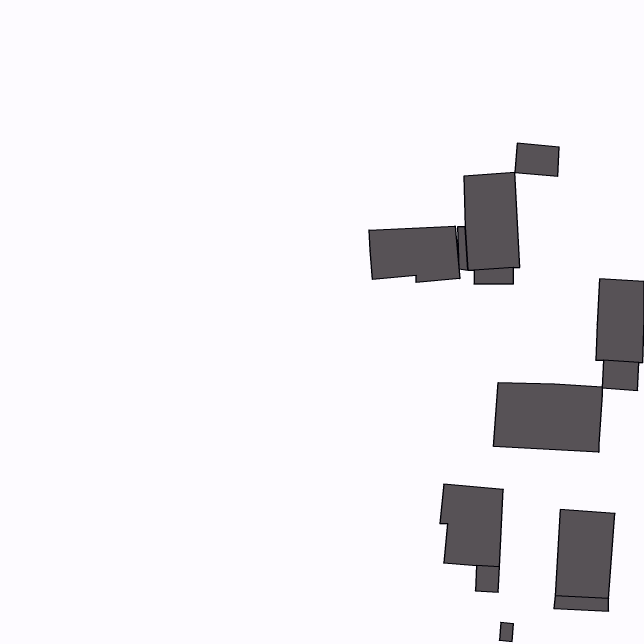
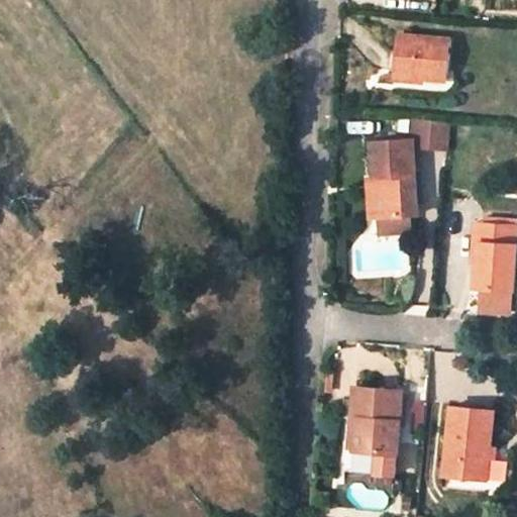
building: none -> [391,33,446,78]
building: [369,226,460,282] -> none
building: [494,383,602,452] -> none

